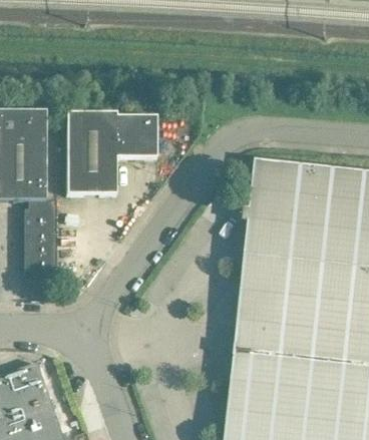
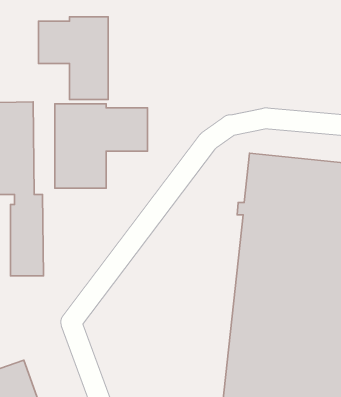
building: none -> [39,17,108,100]

